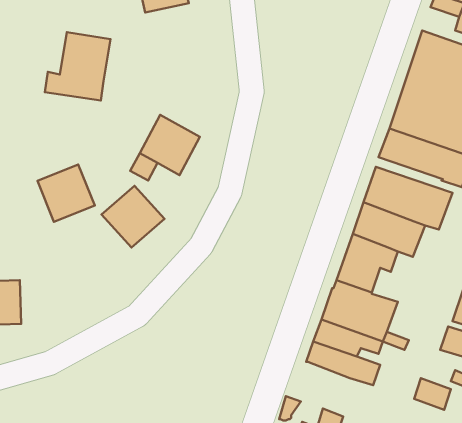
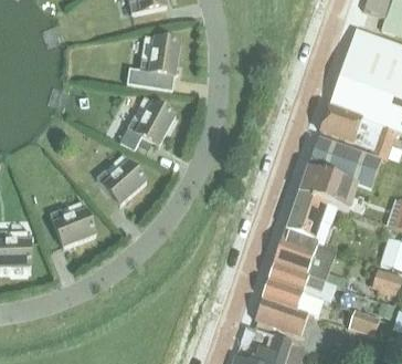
building: [45,32,110,100] -> [127,34,180,90]
building: [37,165,95,222] -> [50,199,96,246]
building: none -> [255,295,317,335]

